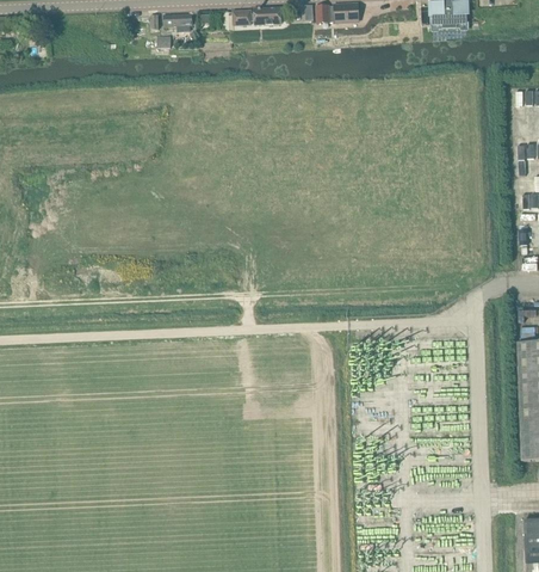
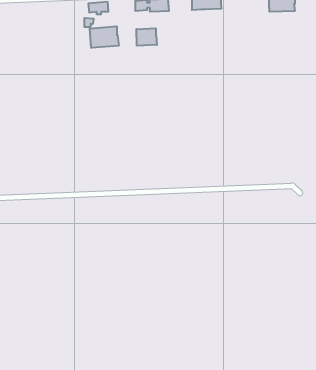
building: none -> [90,26,119,48]
building: none -> [136,28,157,46]

